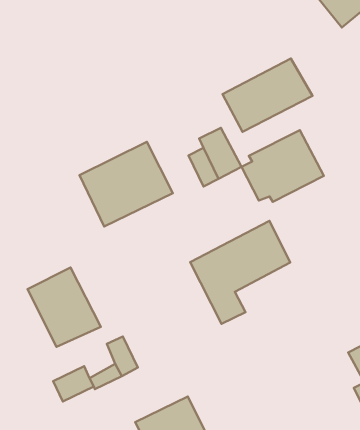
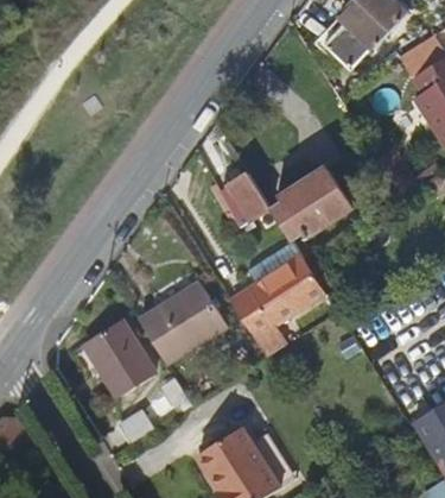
building: [223,59,313,132] -> none
building: [80,142,173,226] -> [141,283,229,365]

